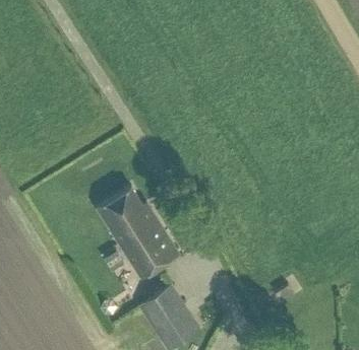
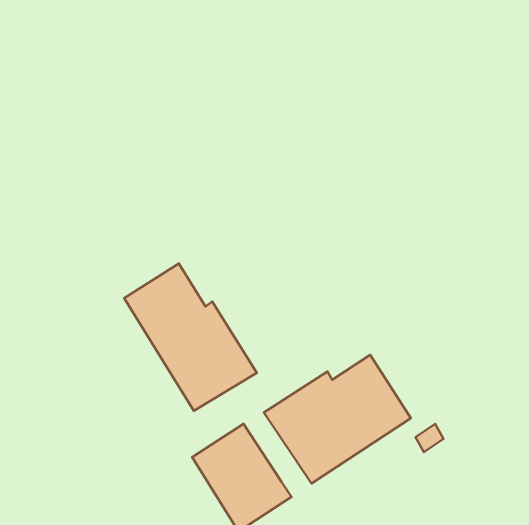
building: none -> [264,355,411,484]

